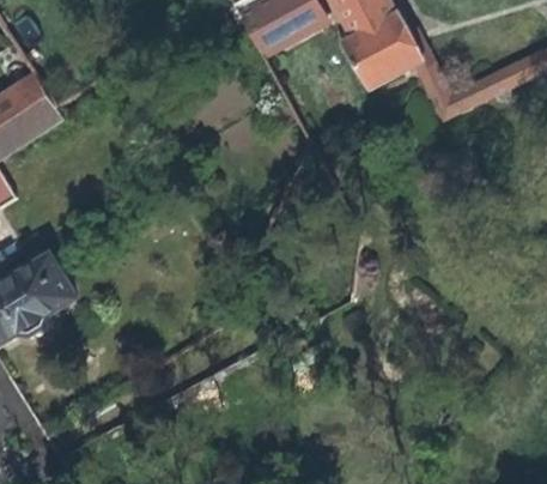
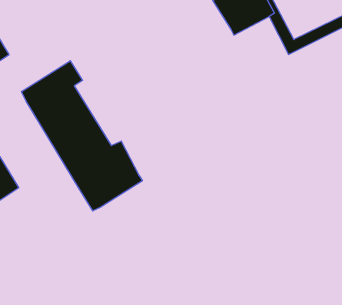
building: none -> [22,61,142,211]

